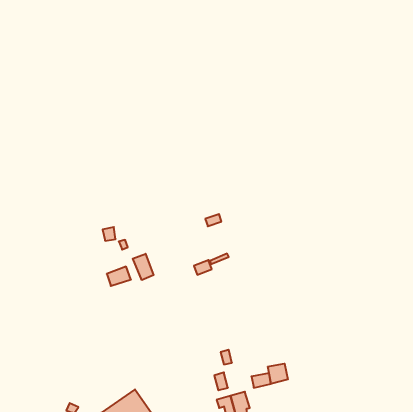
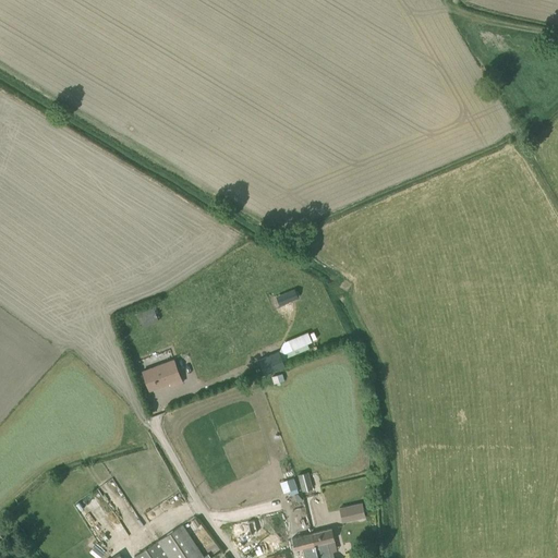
building: [133,254,154,280] -> none
building: [268,364,288,384] -> none

